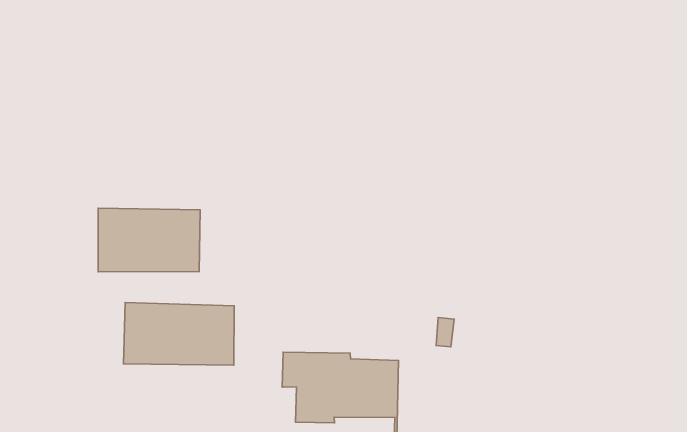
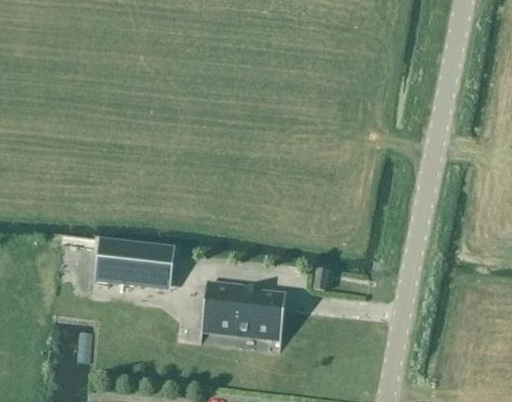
building: [98,208,200,272] -> none

